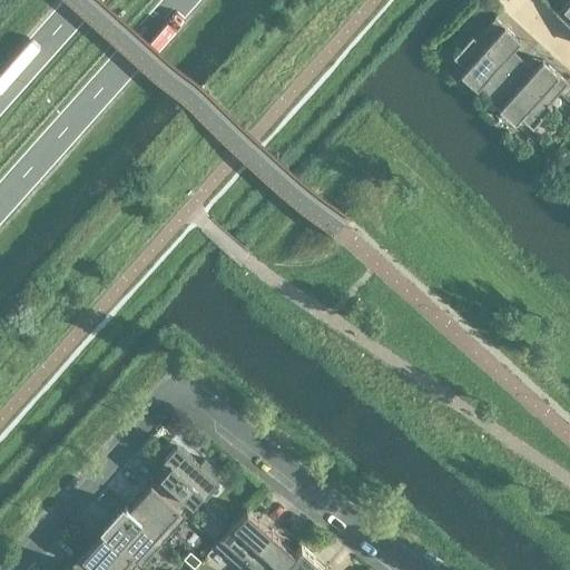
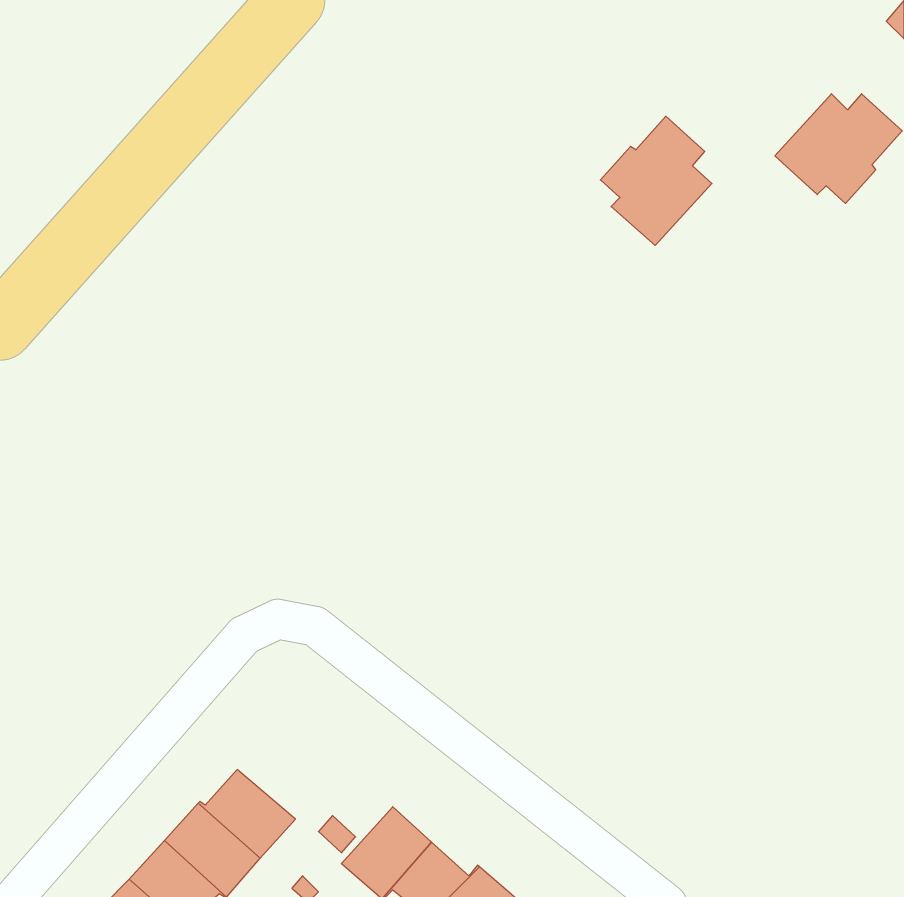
building: [453,21,523,102] -> [600,116,712,245]
building: [149,452,219,520] -> none

